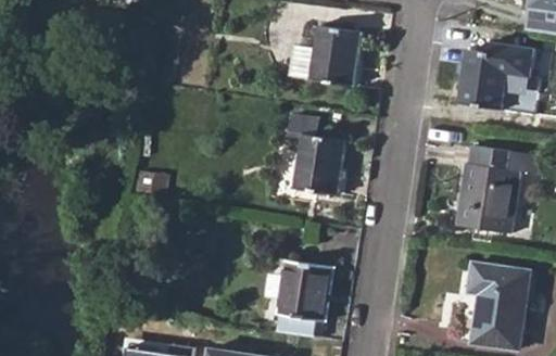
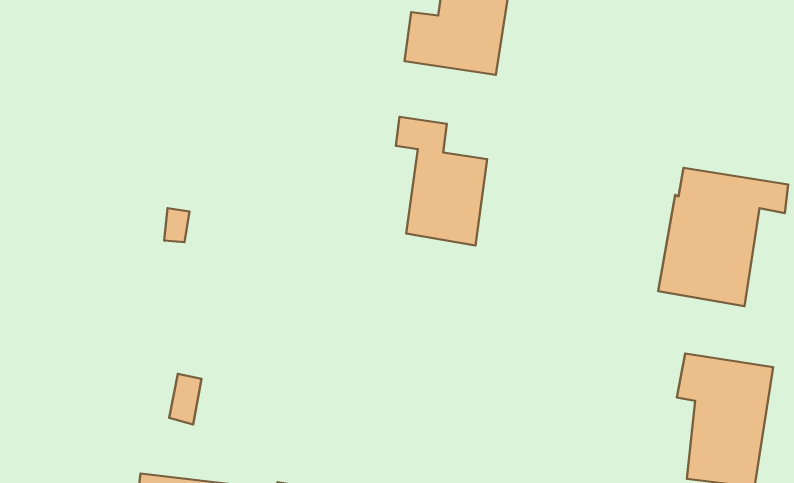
building: [460,41,533,109] -> none
building: [276,258,334,338] -> none

